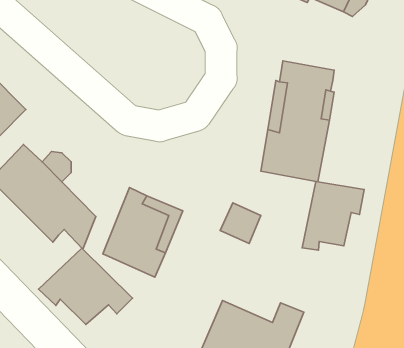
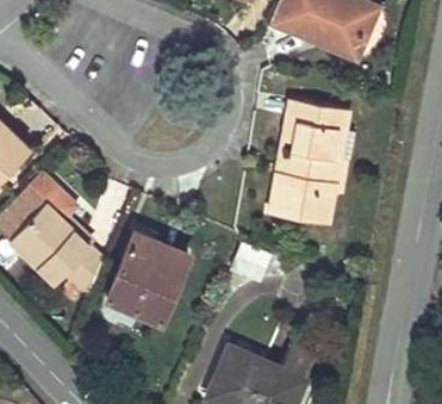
building: [302,181,364,250] -> none
building: [38,248,133,325] -> none

